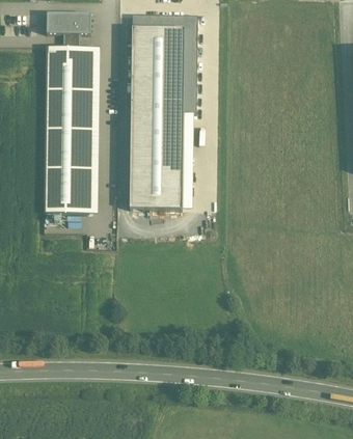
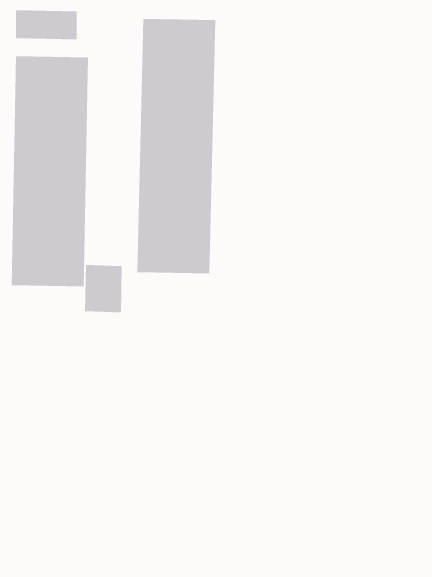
building: none -> [84,264,122,313]

